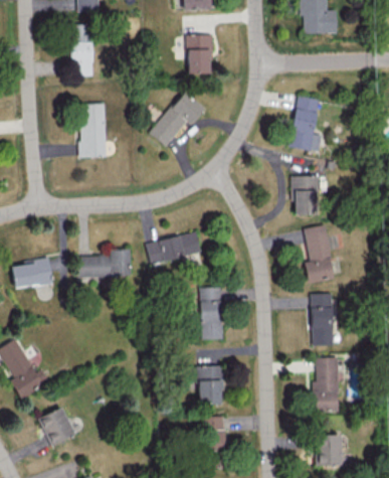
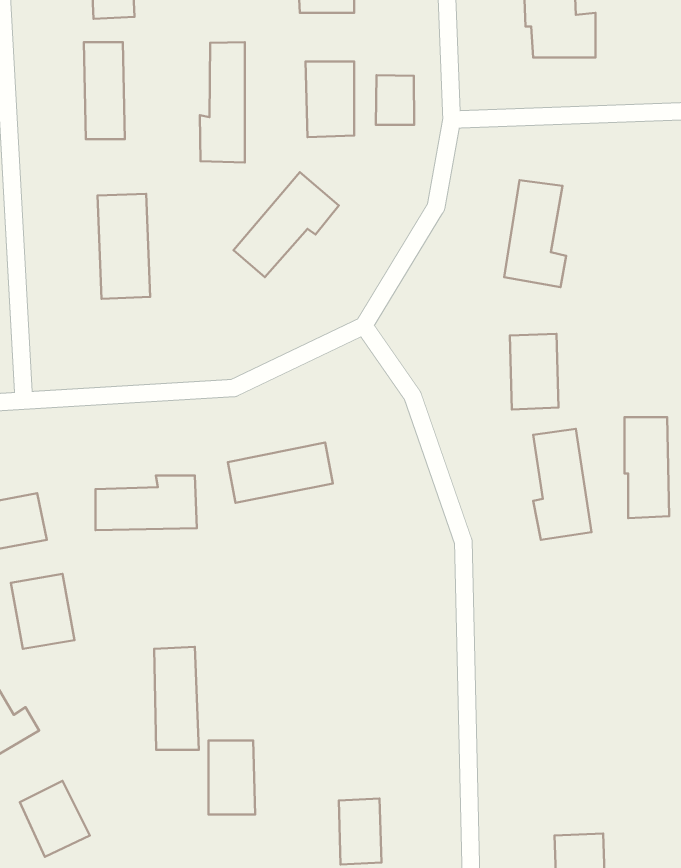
building: none -> [200,42,245,162]
building: none -> [376,75,414,125]
building: [201,287,224,340] -> [154,647,199,750]
building: [311,294,334,346] -> [624,417,669,518]
building: none -> [11,574,75,649]
building: [312,357,340,413] -> none
building: [199,366,223,405] -> [208,741,255,815]

